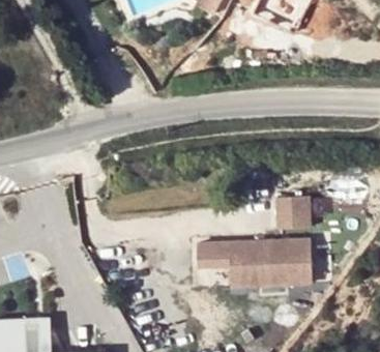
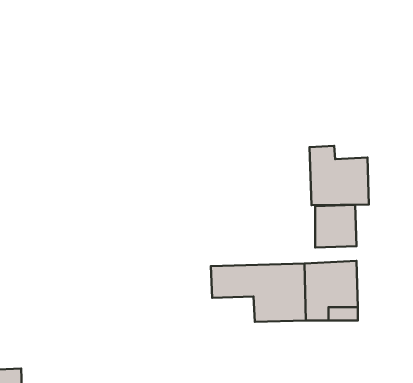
building: none -> [309,146,369,205]

